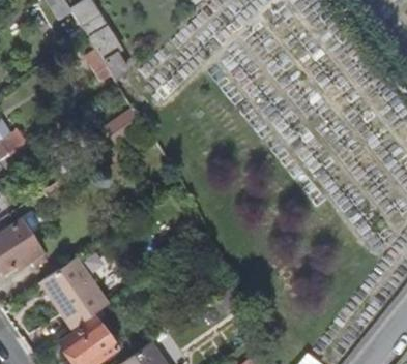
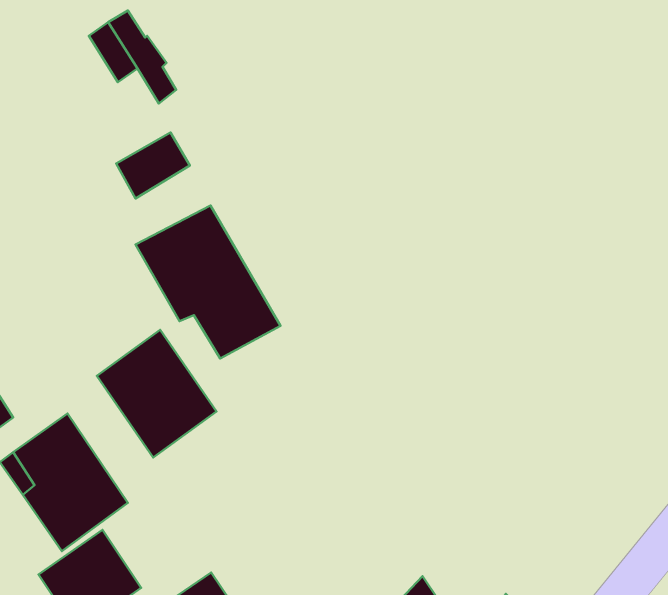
building: none -> [136,205,281,359]
building: none -> [97,330,217,458]

